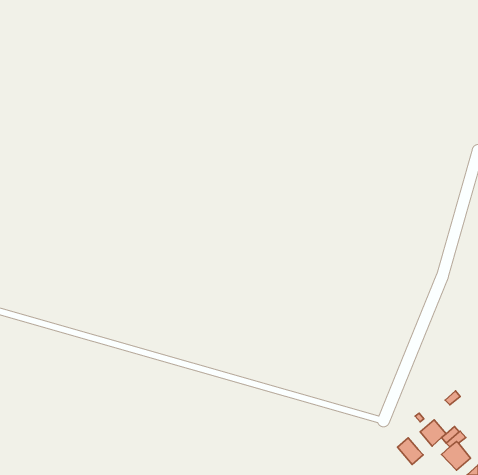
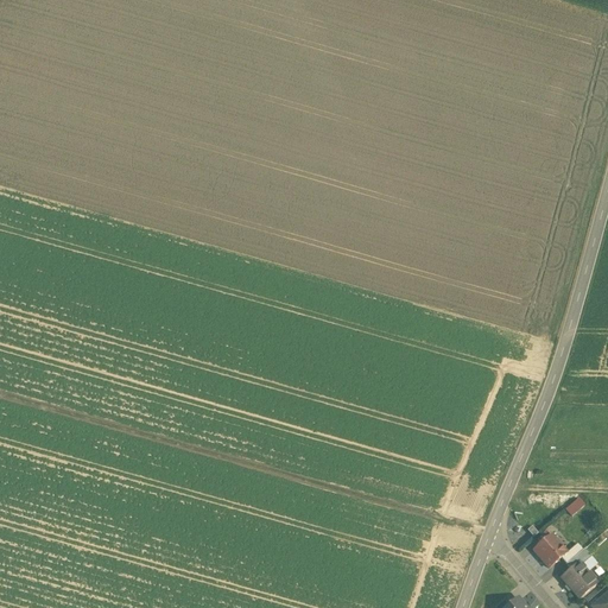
building: [397,438,423,464] -> none

